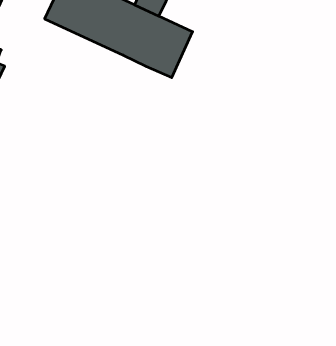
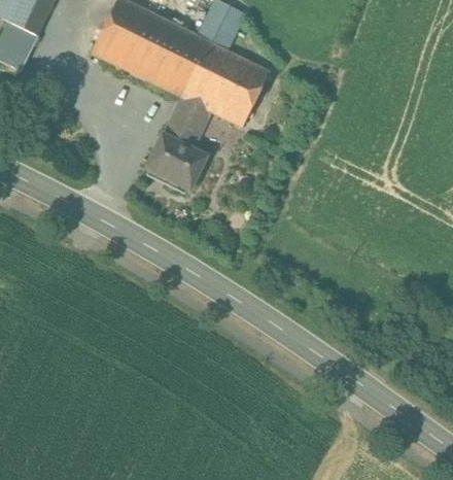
building: none -> [149,96,211,187]

